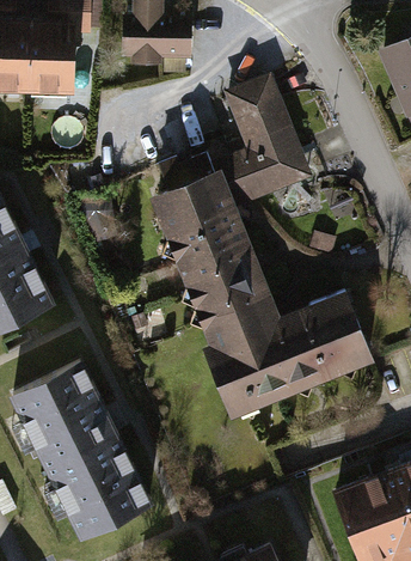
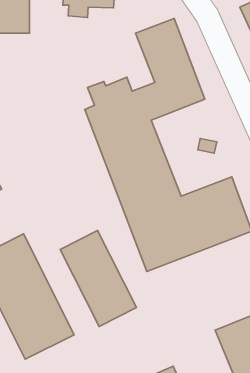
building: none -> [60,230,136,327]

